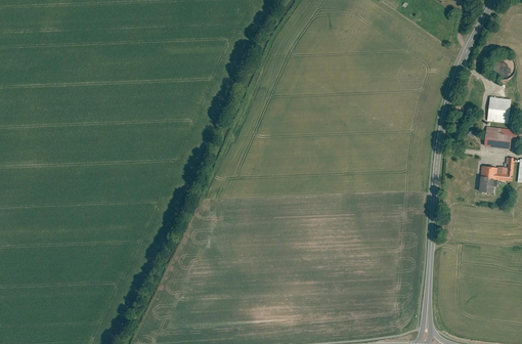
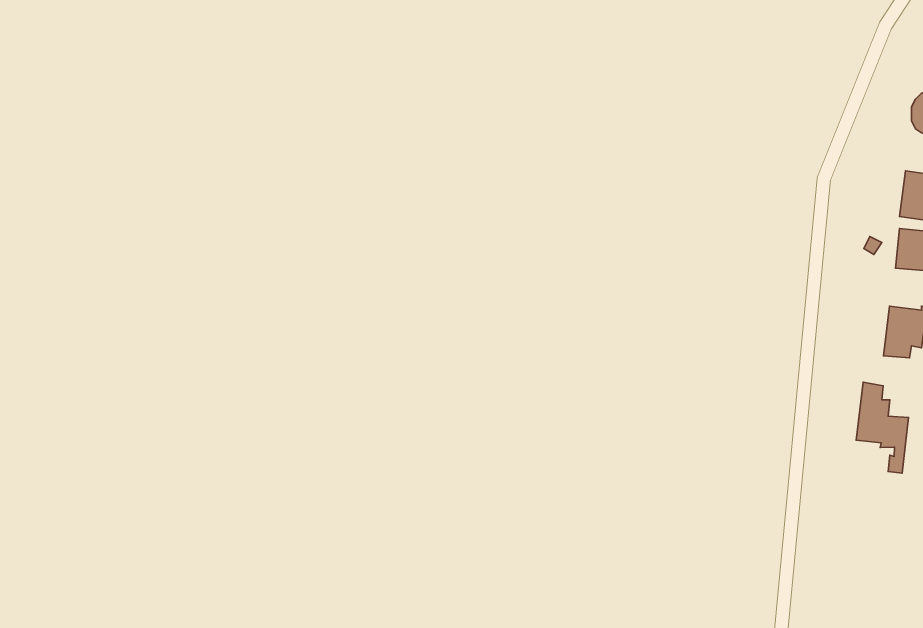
building: none -> [856,382,908,473]

